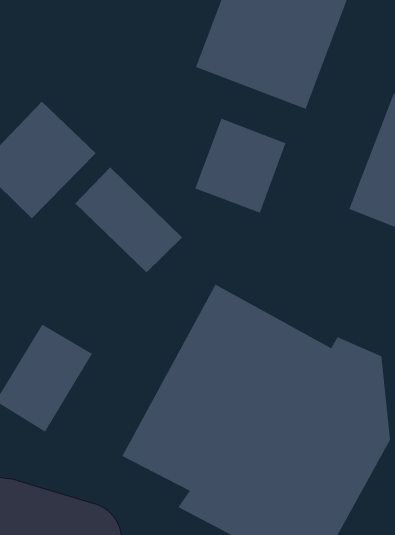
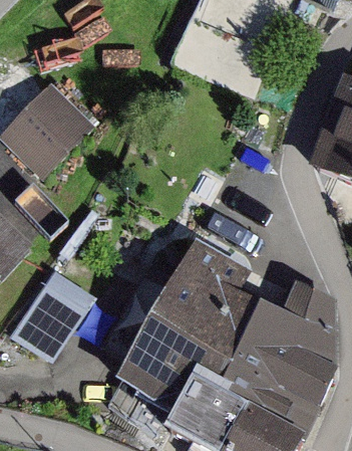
building: [194,118,286,213] -> none
building: [74,166,183,273] -> none

